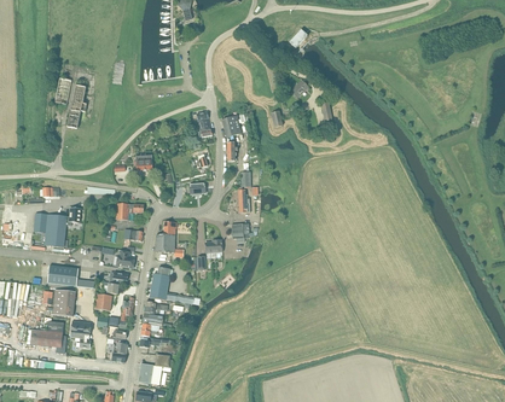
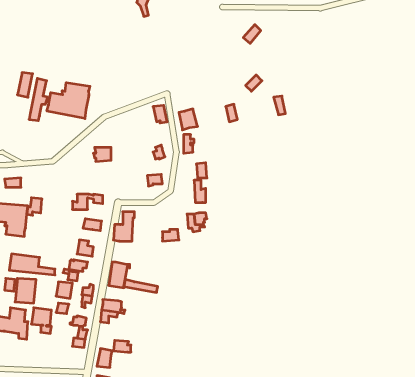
building: none -> [47,83,90,119]

